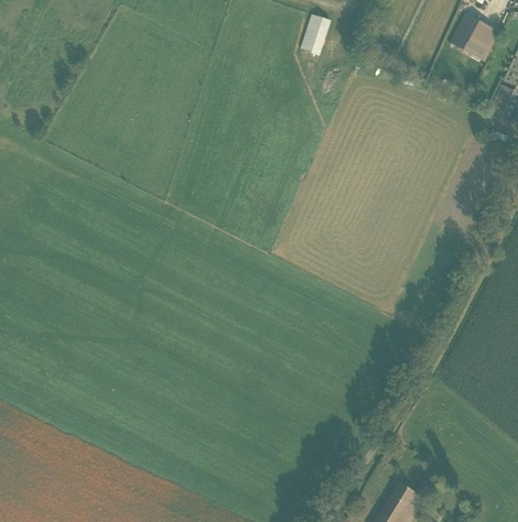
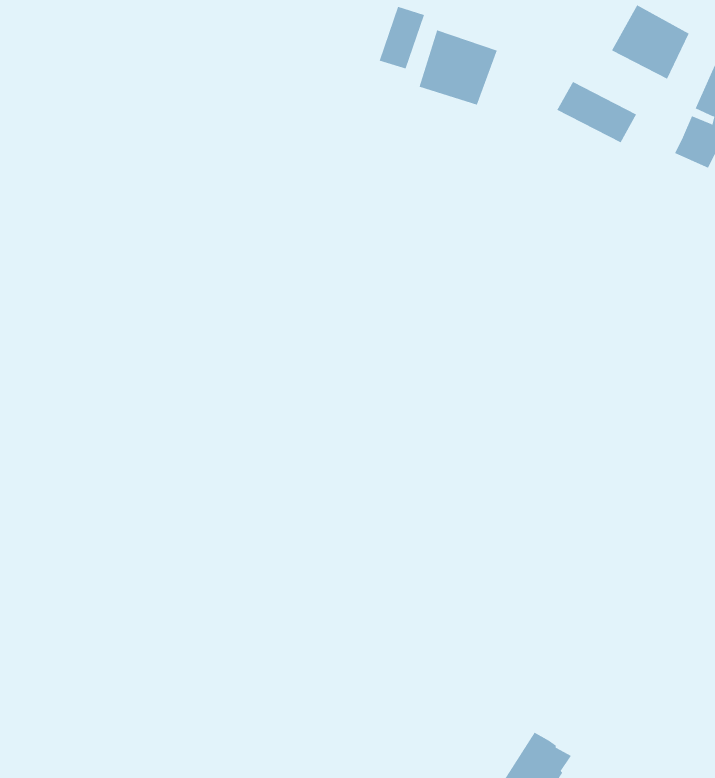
building: none -> [419,29,498,105]
building: none -> [557,81,637,143]

